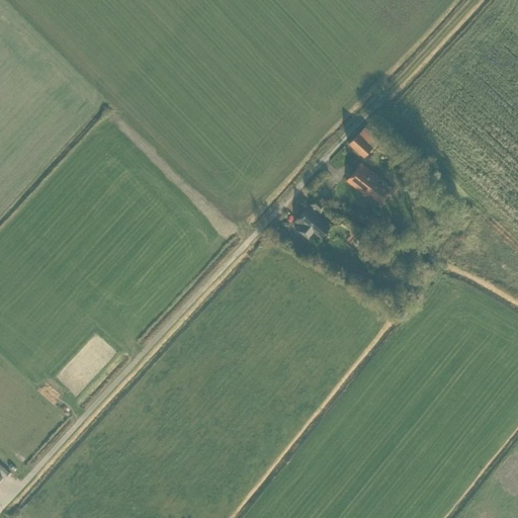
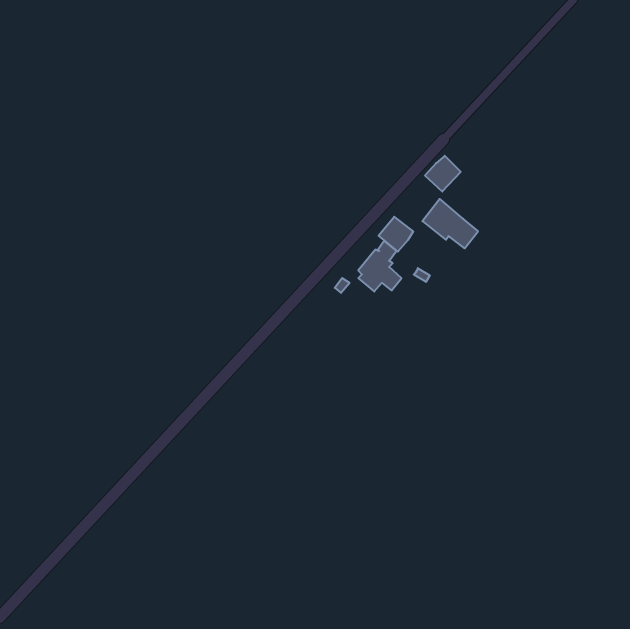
building: none -> [379,217,413,252]

